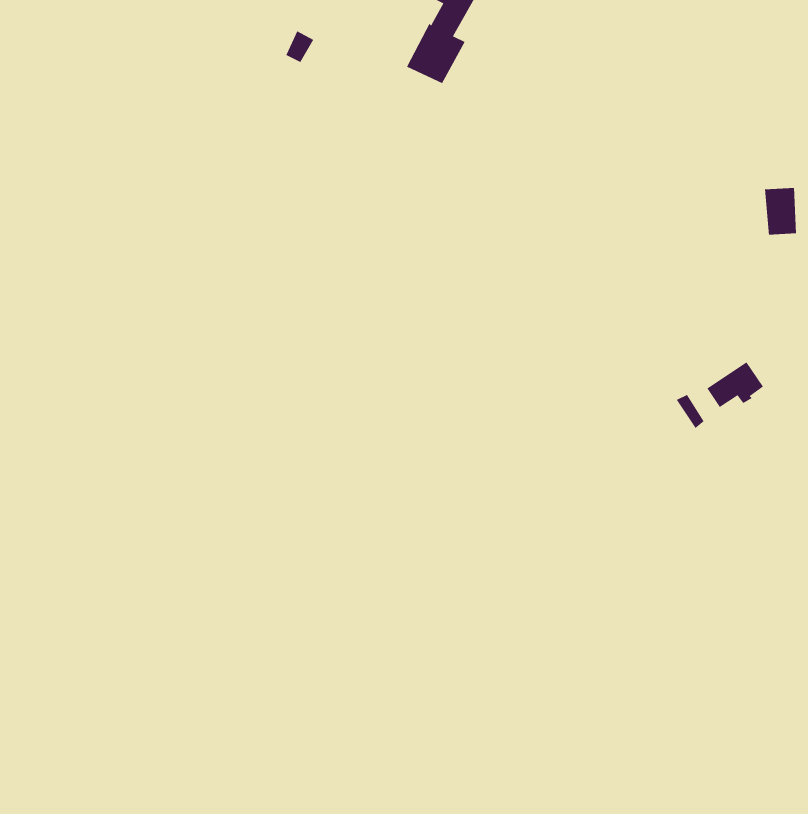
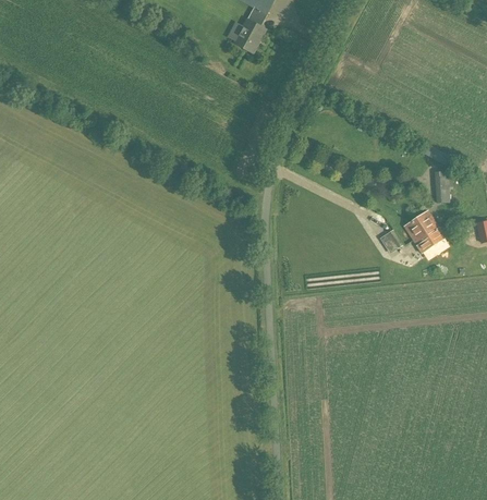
building: [764,187,797,235] -> [434,174,452,202]
building: none -> [411,224,445,252]

